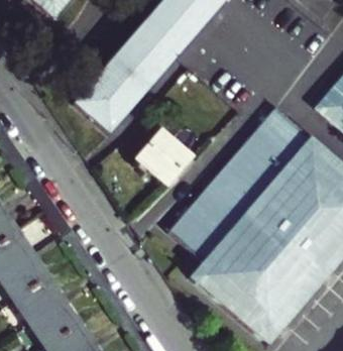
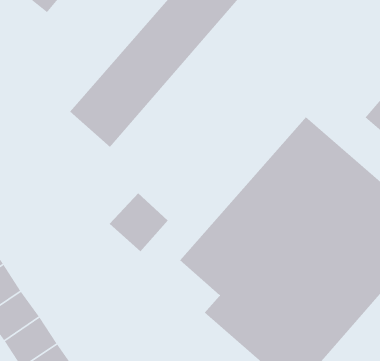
building: [136,131,188,183] -> [109,192,169,252]

